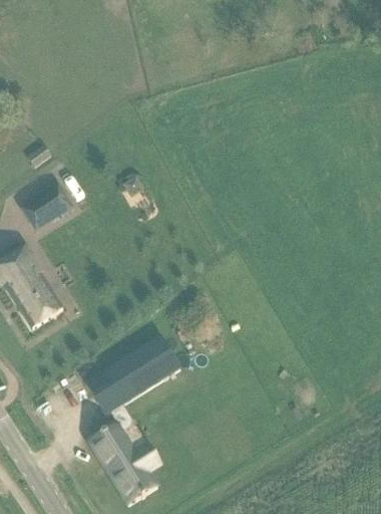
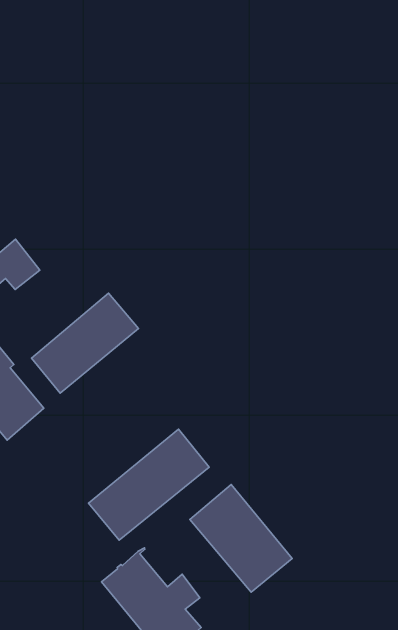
building: none -> [31,293,138,393]
building: none -> [190,485,292,592]

